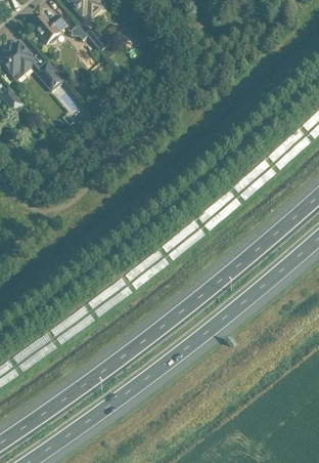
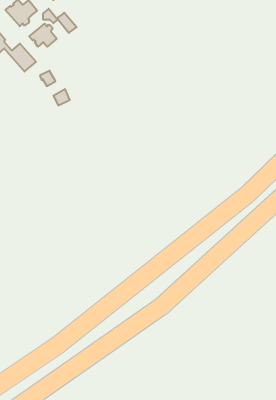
building: none -> [29,24,57,47]

